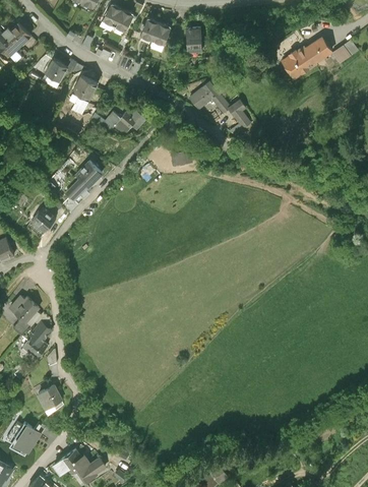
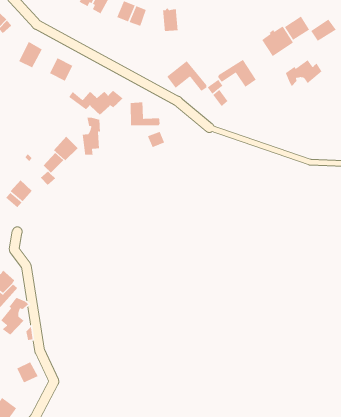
building: none -> [217,59,257,88]
building: none -> [285,59,323,87]
building: none -> [130,102,161,126]
building: none -> [82,117,101,156]

